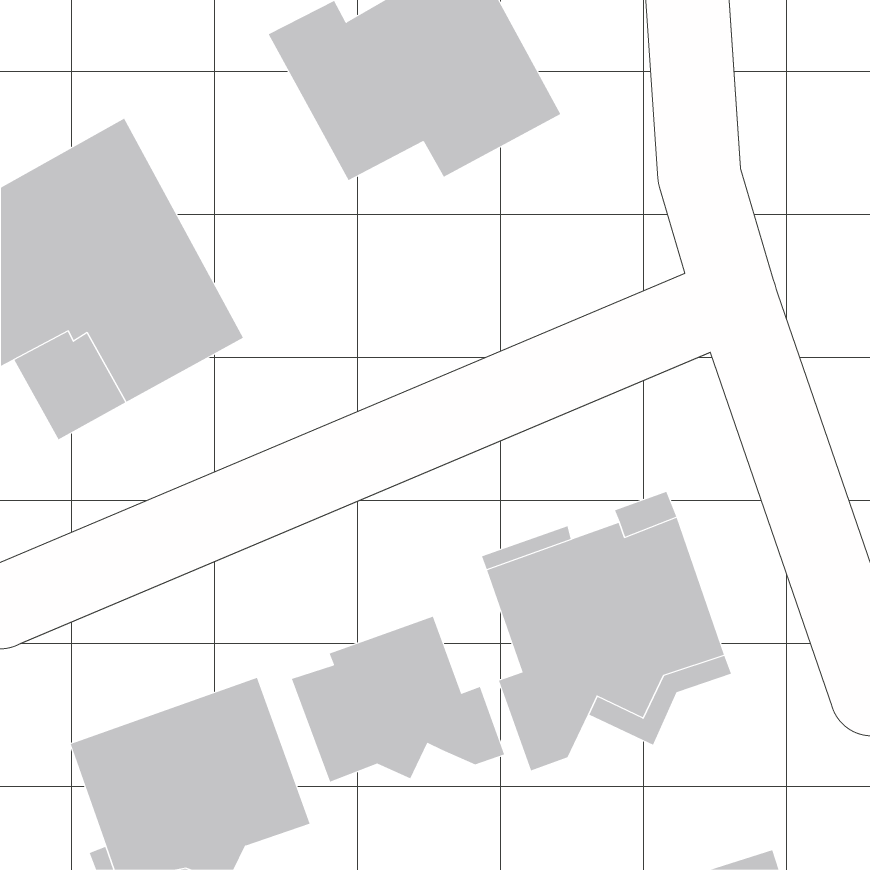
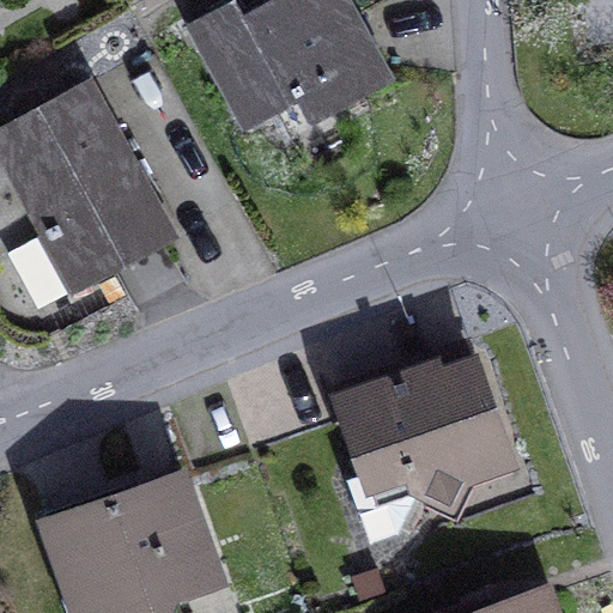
building: [291,616,505,782] -> none

